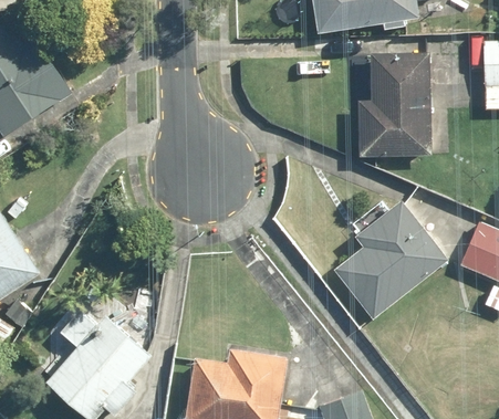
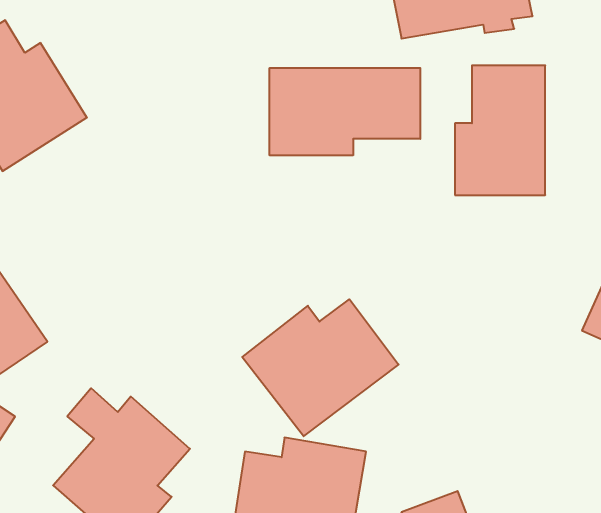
building: none -> [270,68,420,155]
building: [333,200,448,320] -> none
building: none -> [242,299,399,436]

